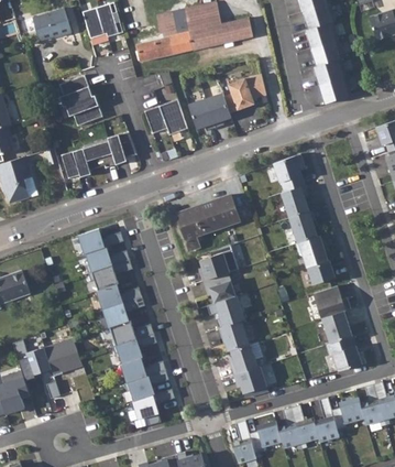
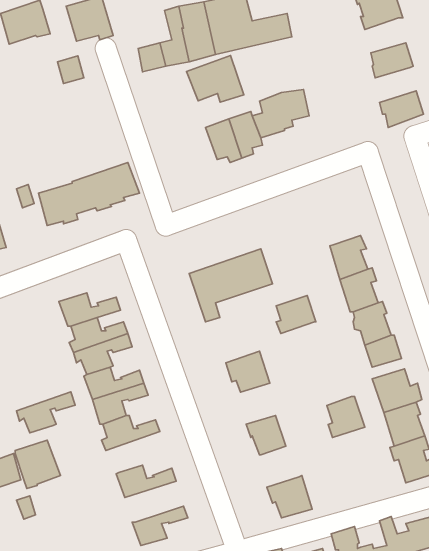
building: [307,21,339,48] -> none
building: [315,58,348,85] -> none
building: [62,75,105,124] -> none
building: [145,99,188,134] -> [187,55,244,102]
building: [274,154,306,192] -> none
building: [200,252,230,281] -> [276,296,316,334]
building: [207,295,244,327] -> none
building: [113,333,157,363] -> [17,392,75,433]
building: [230,344,259,374] -> [327,397,365,438]
building: [125,370,169,401] -> none

